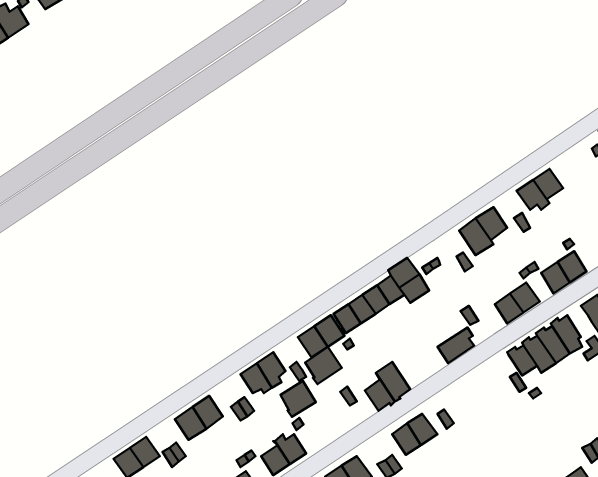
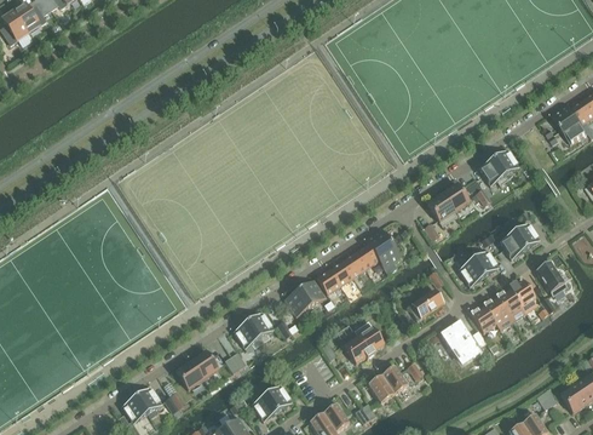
building: [305,347,342,384] -> none
building: none -> [442,321,482,364]
building: [280,381,316,417] -> none

